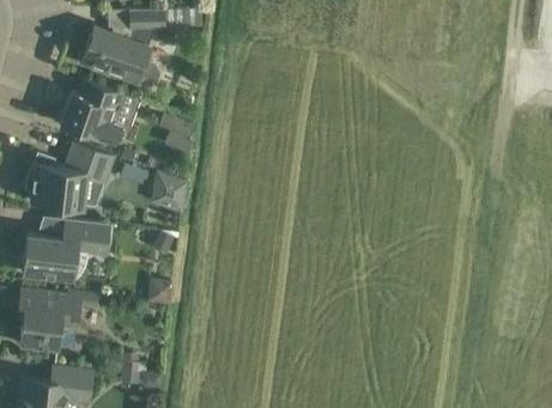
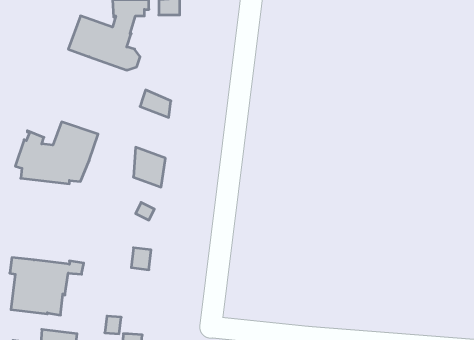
building: [59,80,139,145] -> none
building: [20,220,109,280] -> none

